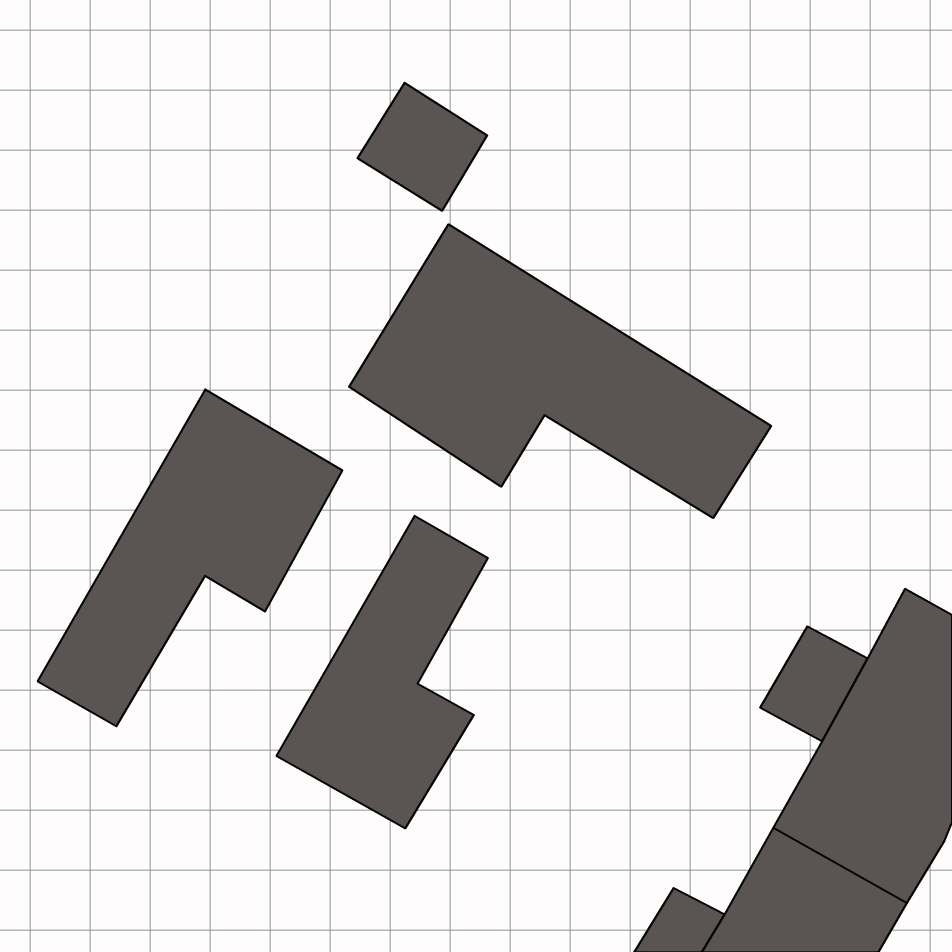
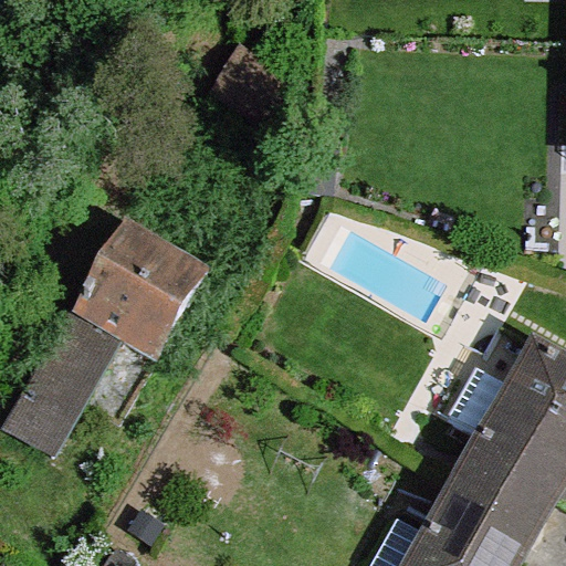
building: [349,224,771,518] -> none
building: [277,516,488,828] -> none

